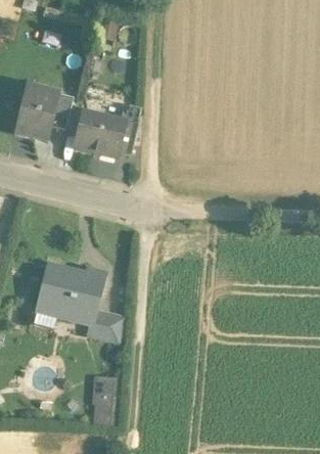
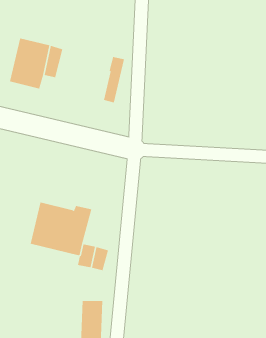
building: [74,110,124,156] -> none

